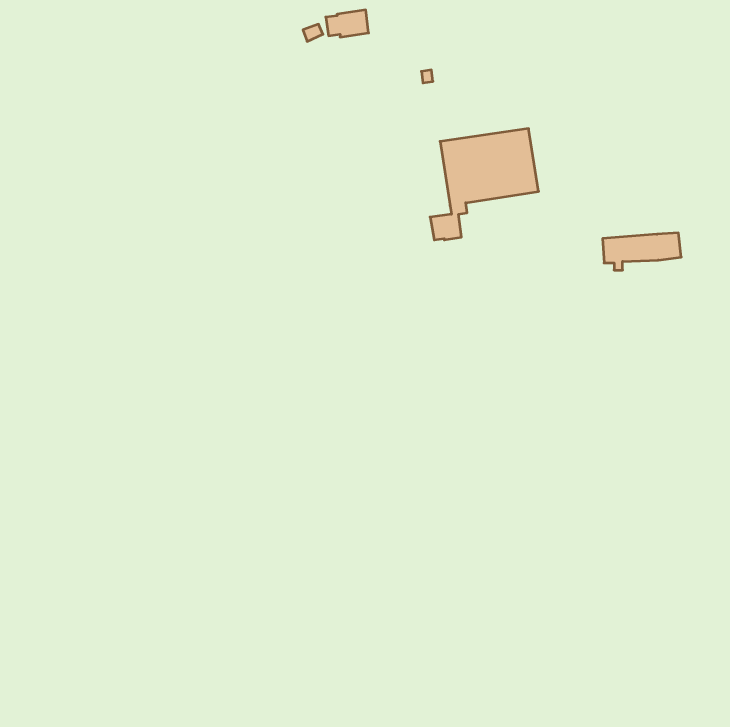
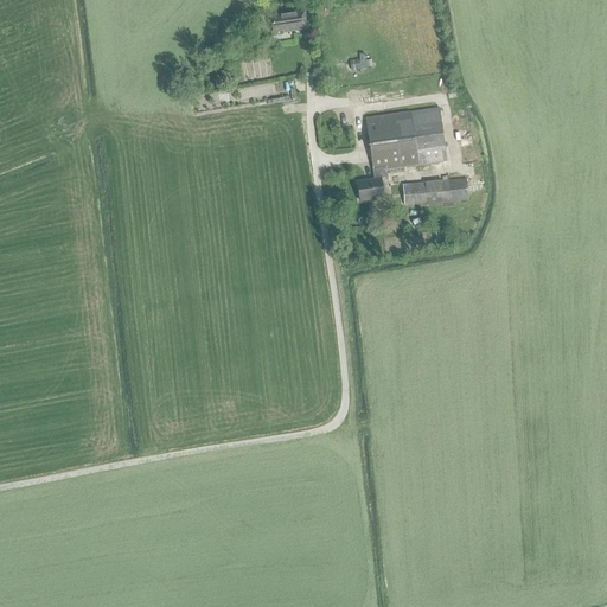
building: [603,233,681,270] -> [403,178,468,209]

